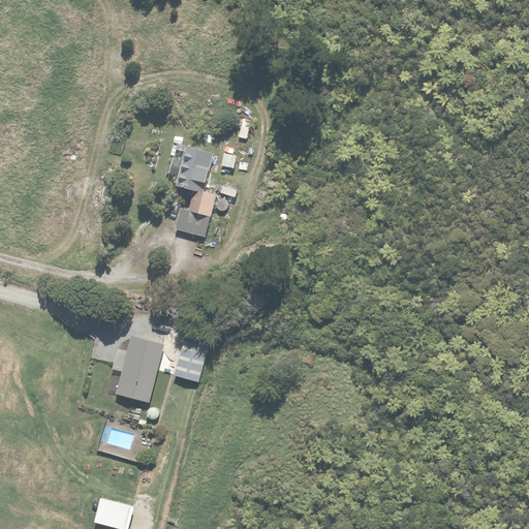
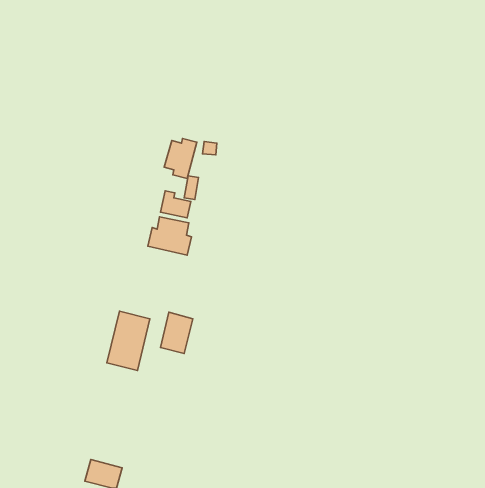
building: none -> [148,217,191,255]

